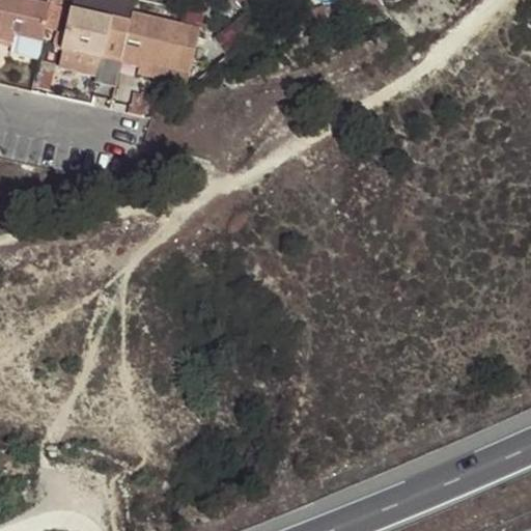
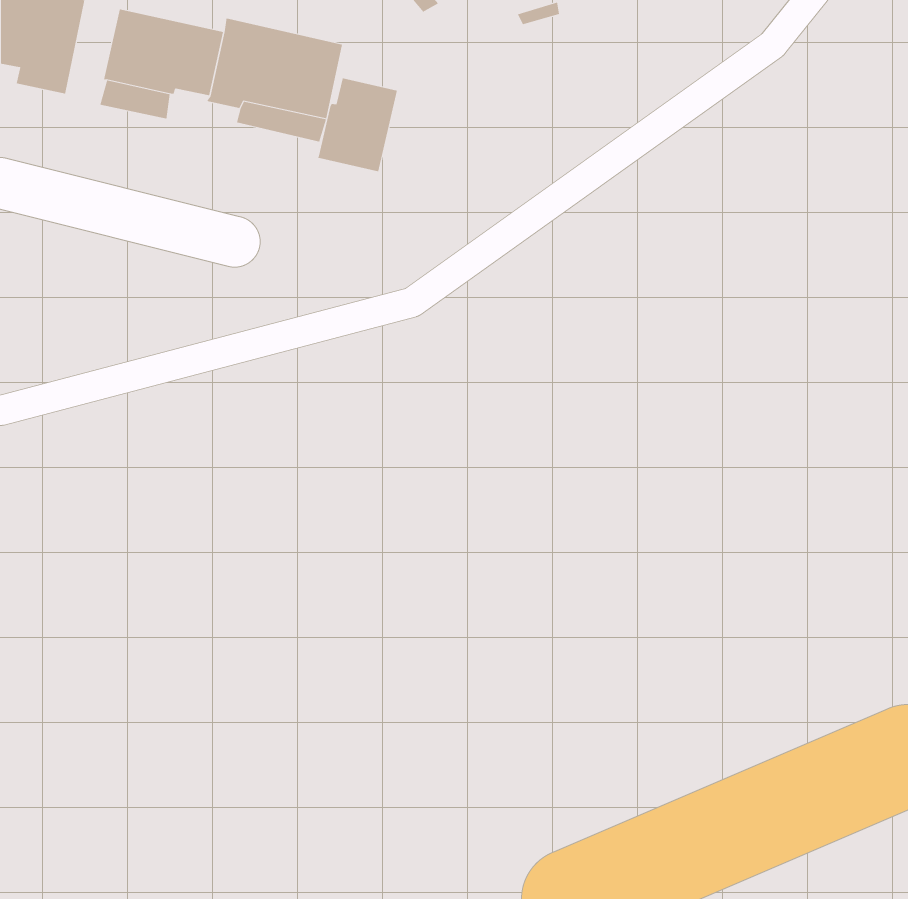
building: none -> [317,77,398,172]

